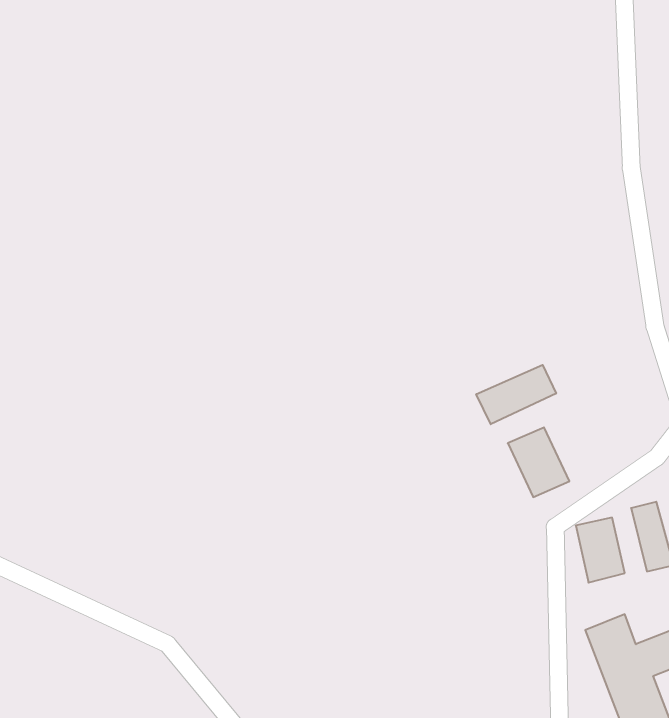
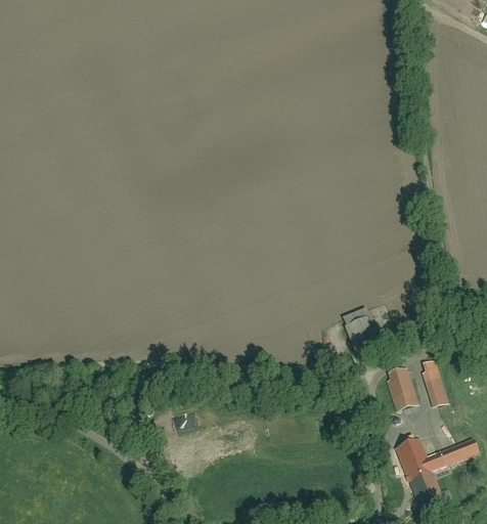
building: [476,365,556,424] -> none

